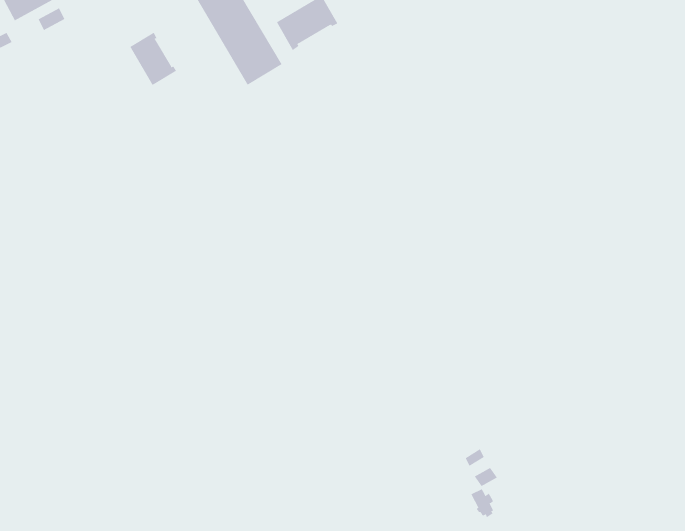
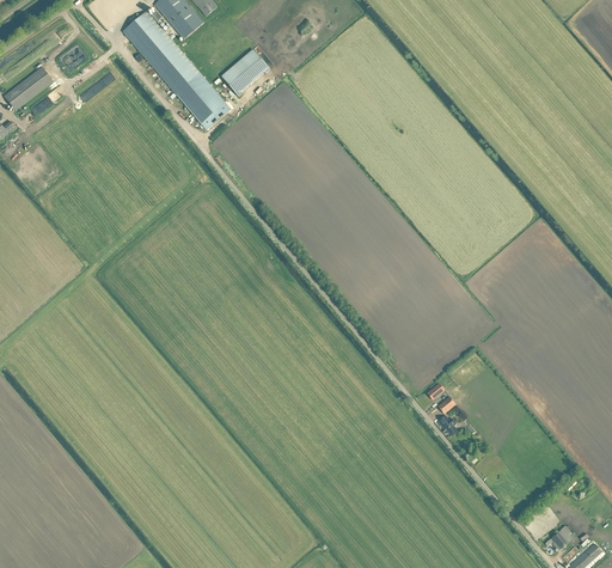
building: [130,32,177,86] -> none

